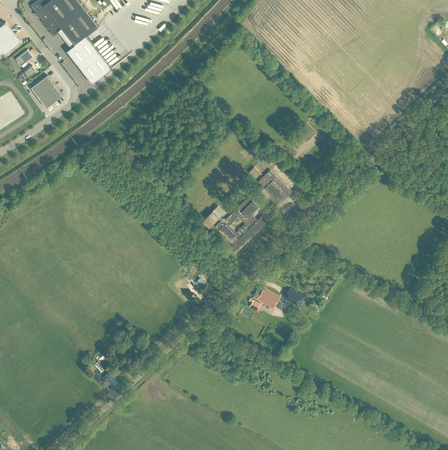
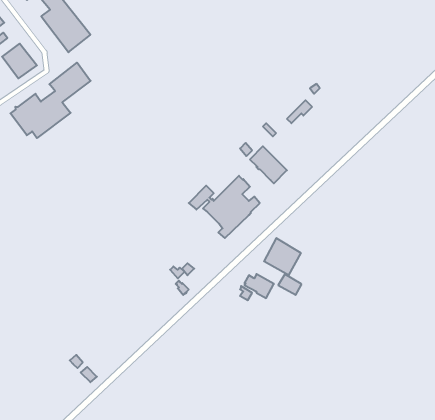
building: none -> [10,63,91,138]
building: none -> [264,238,301,275]

